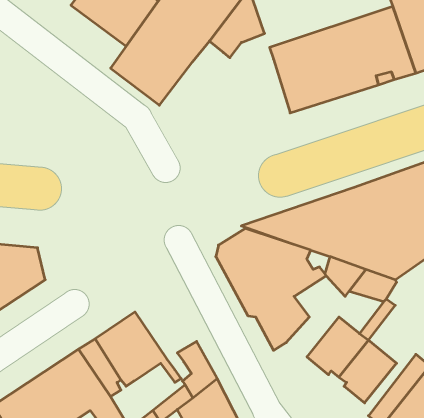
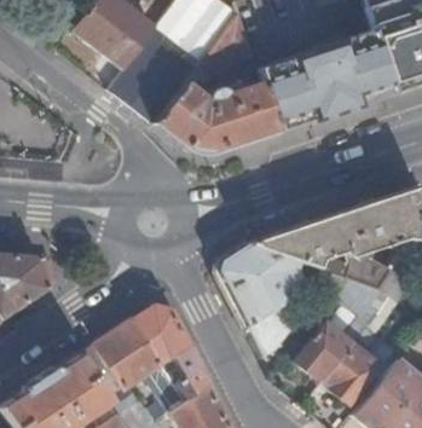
building: none -> [155,79,278,154]
building: none -> [132,305,190,364]

